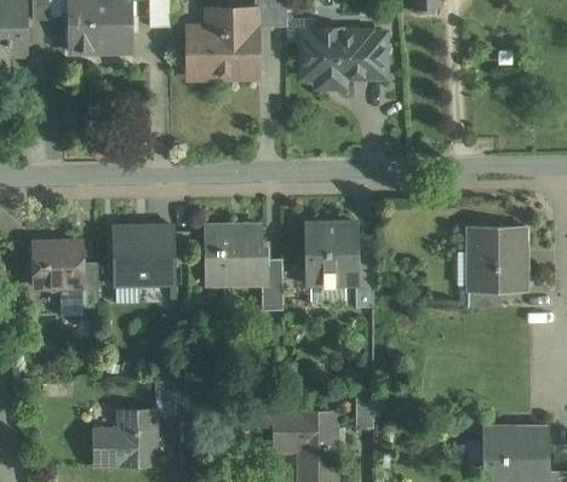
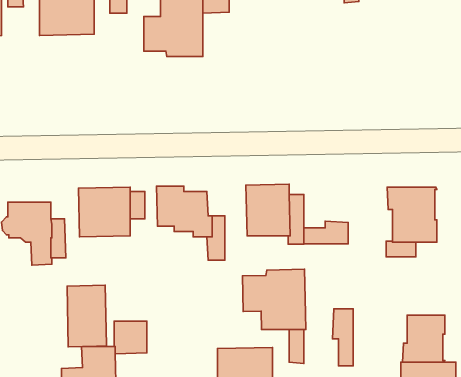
building: [300,28,384,86] -> none
building: none -> [304,221,348,244]
building: none -> [243,269,306,330]
building: none -> [67,285,106,347]
building: none -> [333,309,353,366]
building: none -> [403,315,445,362]

